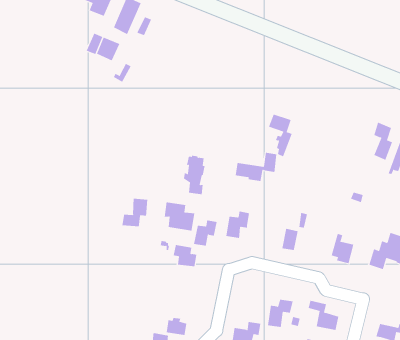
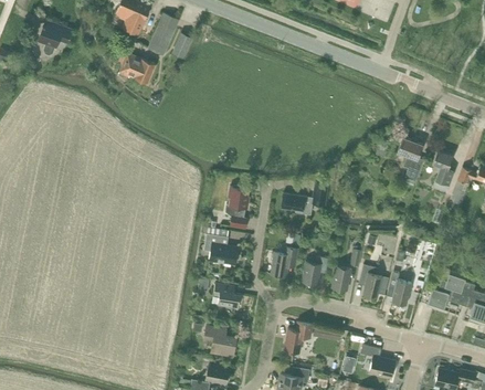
building: none -> [38,22,72,55]
building: [268,114,292,157] -> [397,138,423,186]
building: [122,198,148,227] -> none
building: [193,220,218,246] -> [302,256,328,285]
building: none -> [358,265,389,298]
building: none -> [203,327,236,356]
building: [267,299,294,327] -> [284,323,313,354]

